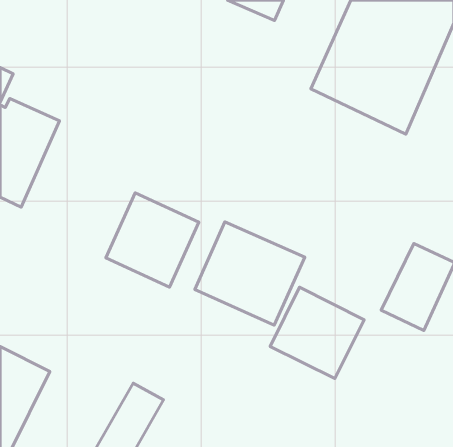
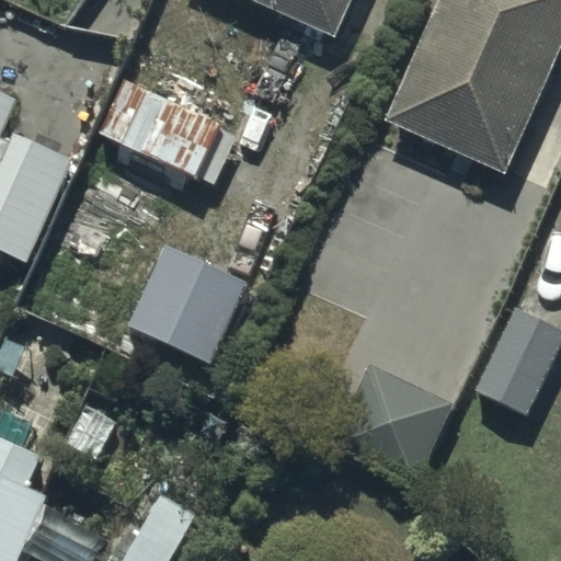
building: none -> [91,77,221,180]
building: [195,222,305,325] -> none

